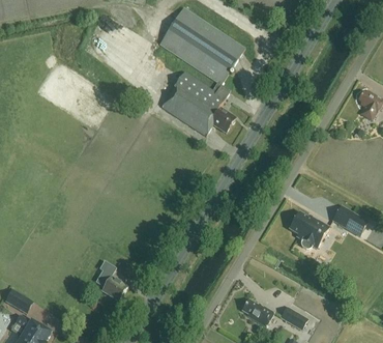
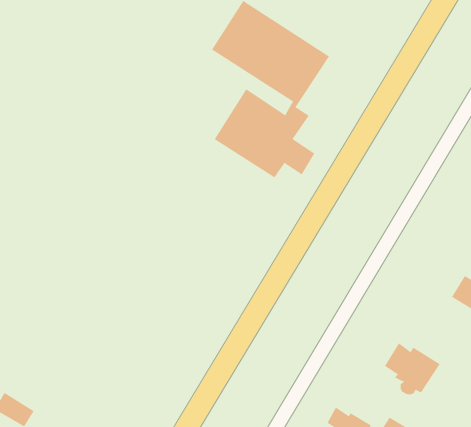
building: [289,211,329,249] -> [384,343,440,395]
building: [94,260,126,299] -> none

